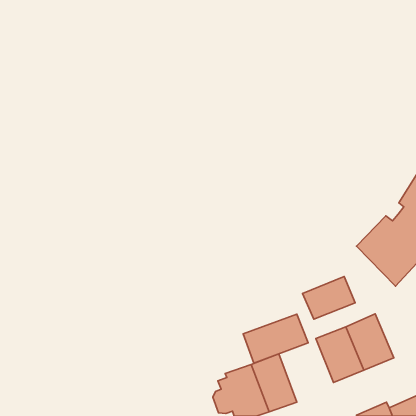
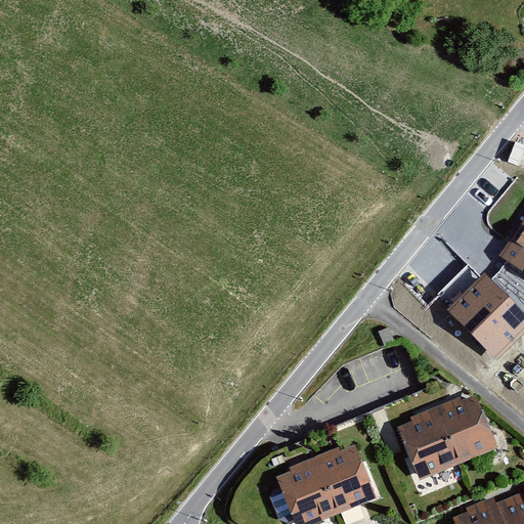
building: [303,276,355,319] -> none
building: [243,314,308,363] -> none

